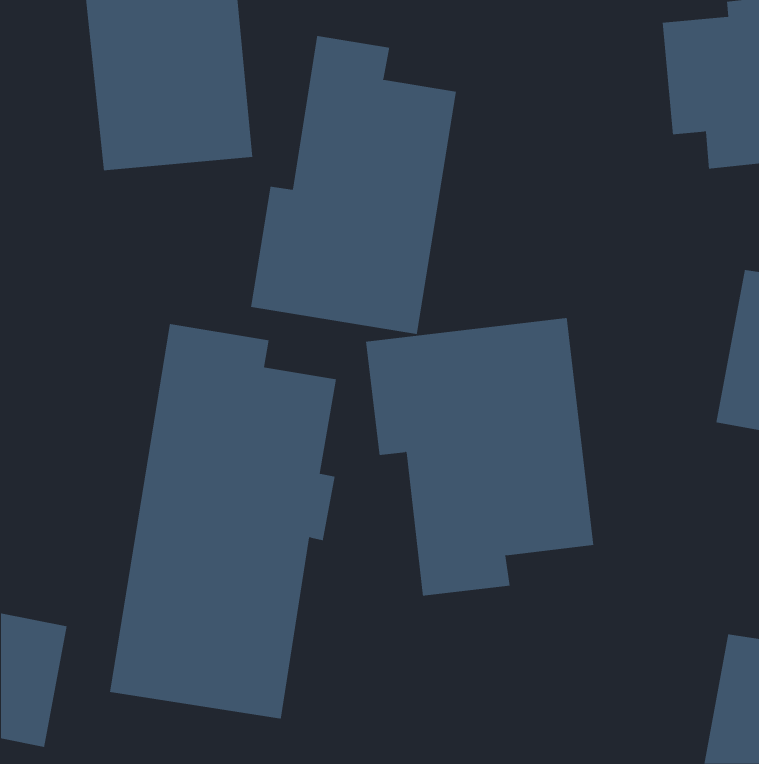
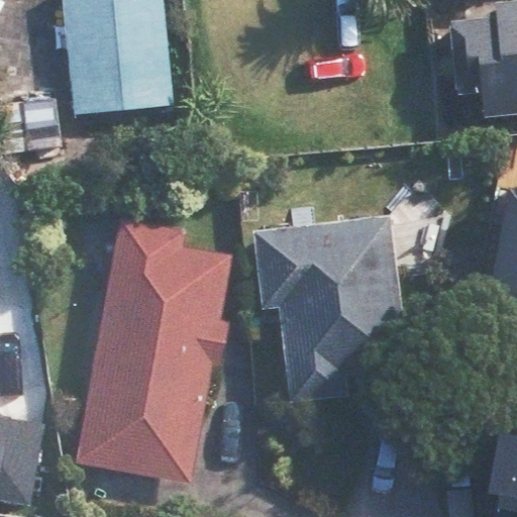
building: [250,35,457,335] -> none

